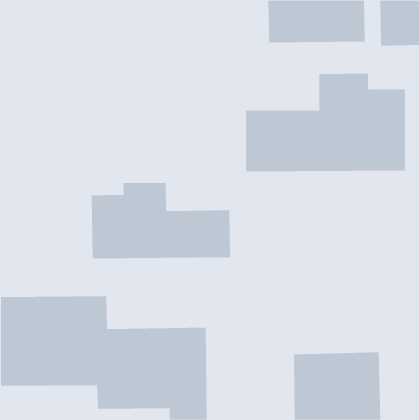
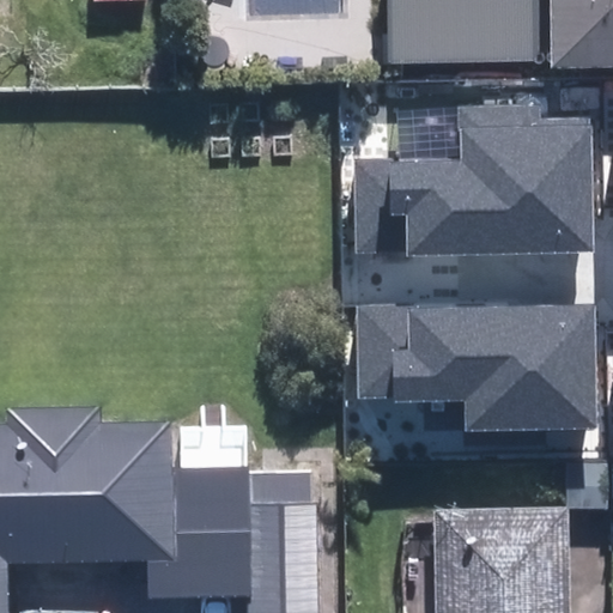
building: [91,182,231,259] -> none
building: none -> [360,306,594,431]

